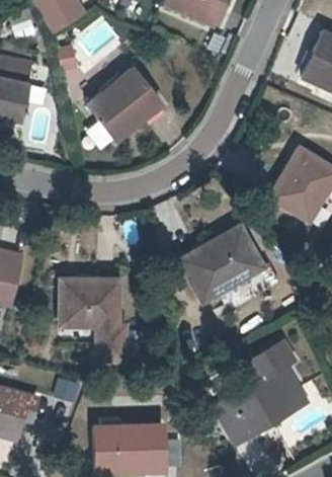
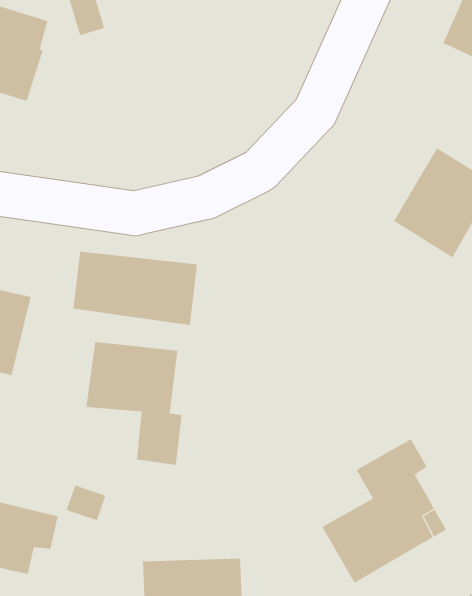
building: [93,67,164,136] -> none
building: none -> [73,251,197,326]
building: [183,226,260,297] -> none

